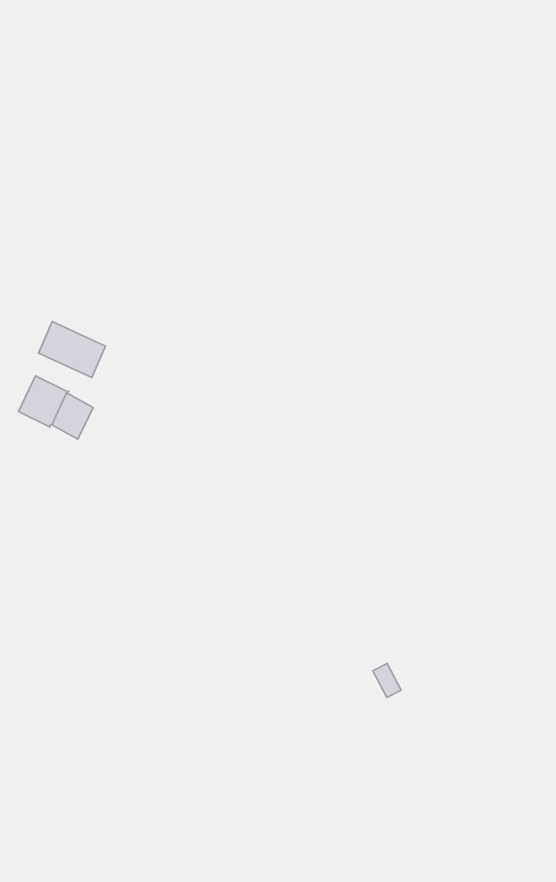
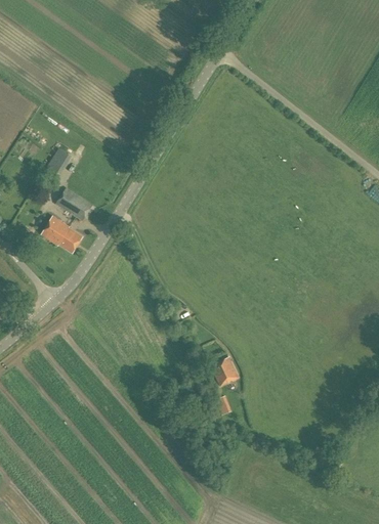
building: none -> [45,147,72,177]
building: none -> [210,357,239,386]

